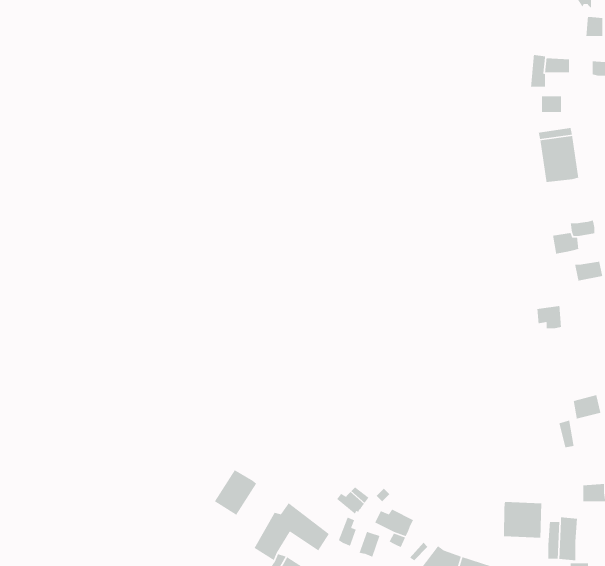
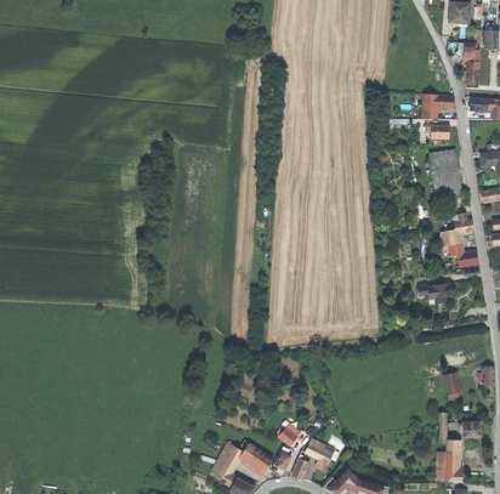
building: [214,469,257,516] -> none
building: [503,501,542,538] -> none

